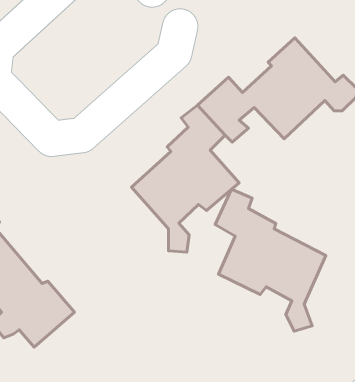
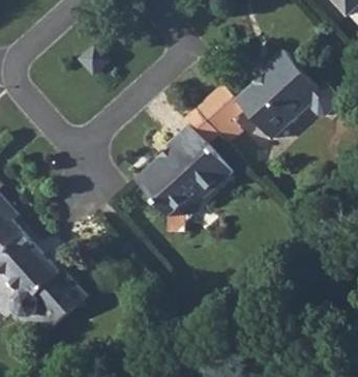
building: [215,189,326,331] -> none

